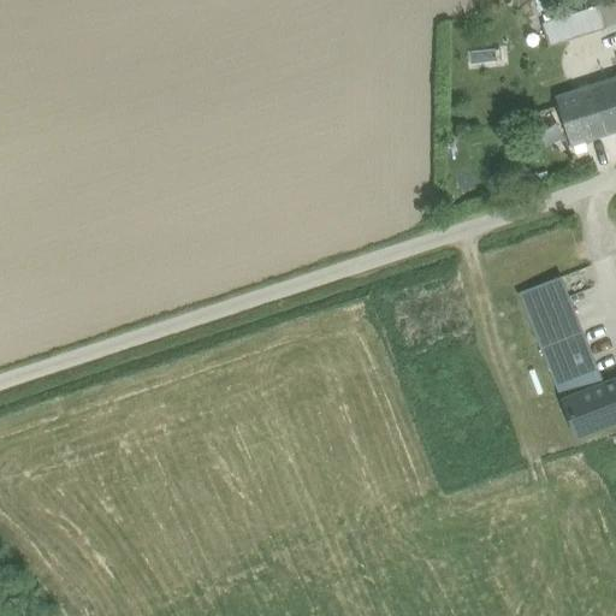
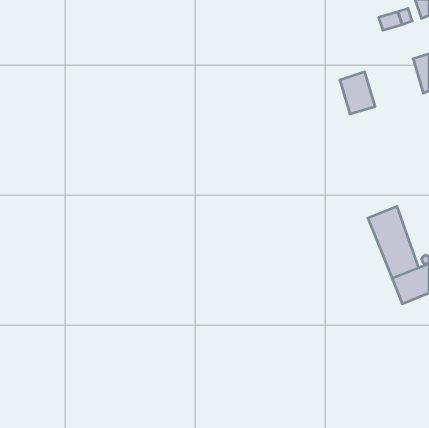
building: [556,84,606,144] -> [340,72,375,114]
building: [519,276,569,313] -> none

